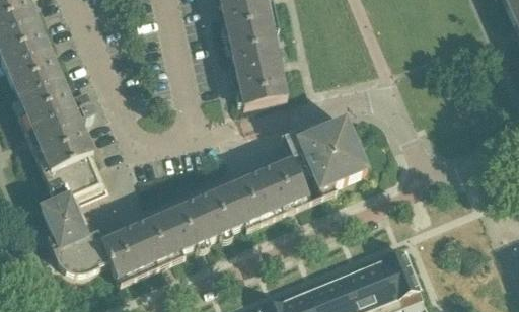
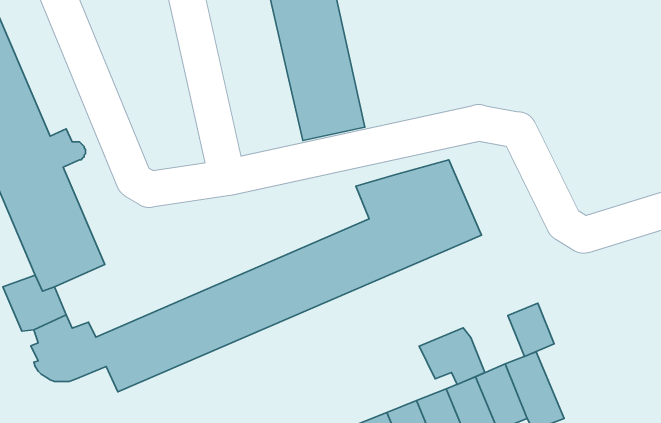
building: none -> [508,303,554,356]
building: none -> [419,328,485,384]

